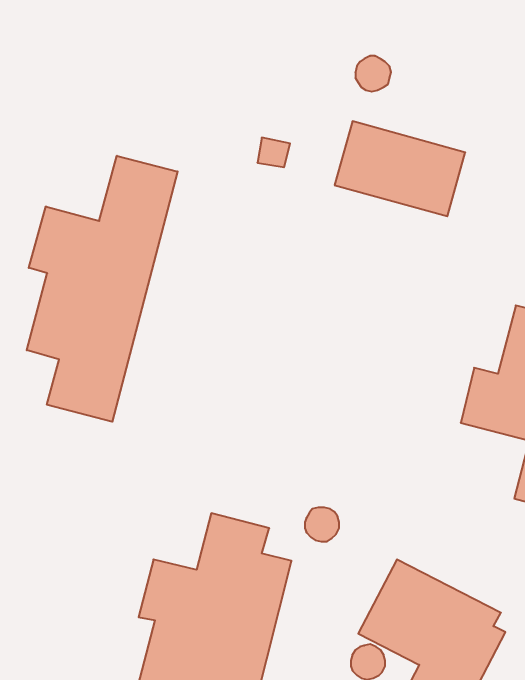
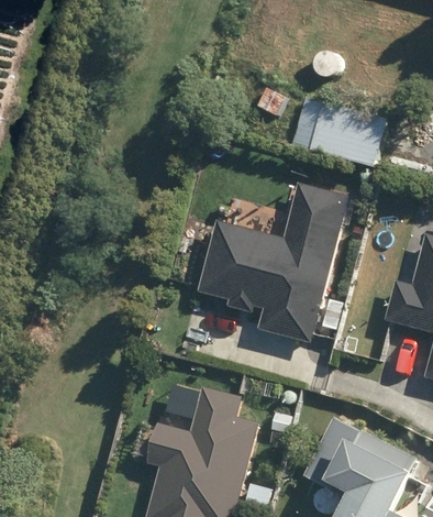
building: [27,156,178,422] -> none
building: none -> [197,183,347,343]

